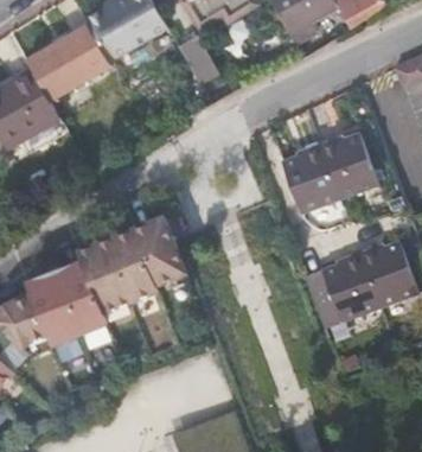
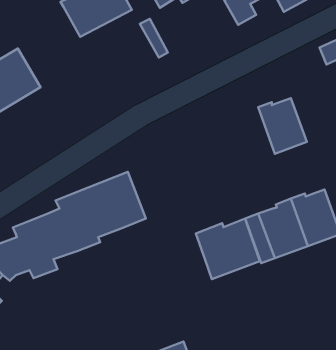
building: [24,20,109,98] -> none
building: [279,140,338,211] -> none
building: none -> [196,218,260,279]

